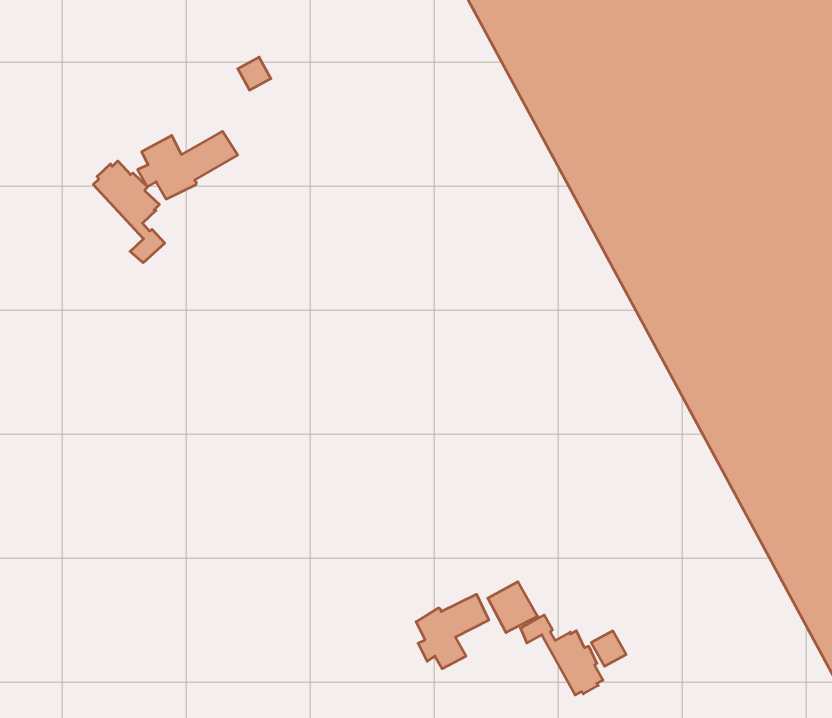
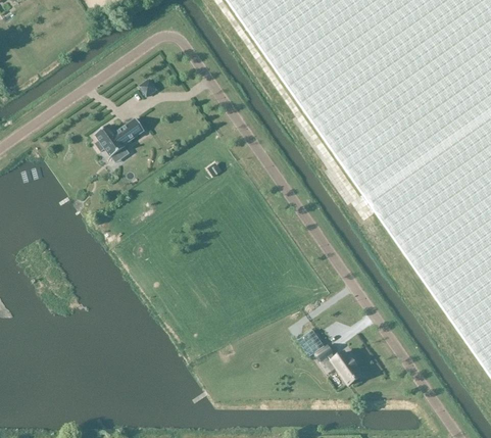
building: [93,161,165,263] -> none
building: [416,594,489,669] -> none

